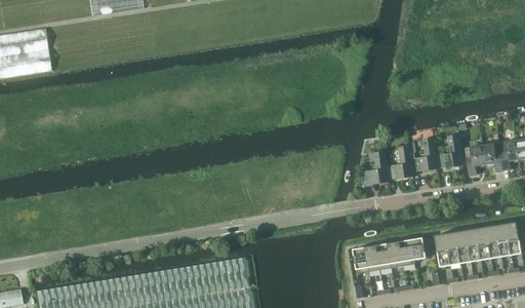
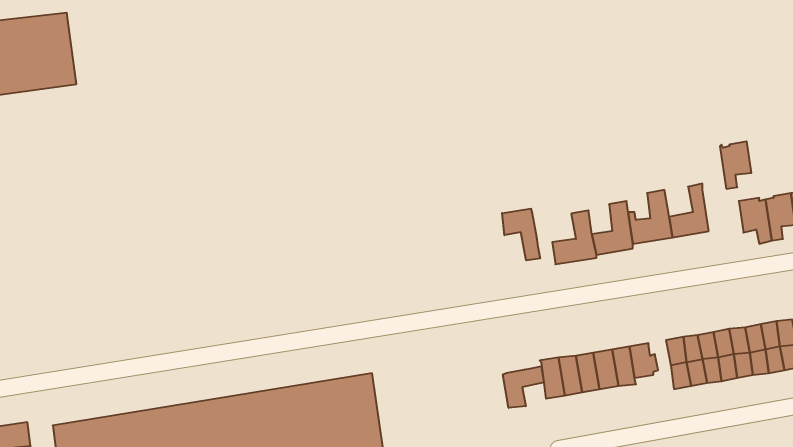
building: [463,145,484,176] -> [720,141,751,189]
building: none -> [502,209,540,260]
building: none -> [503,366,544,408]

